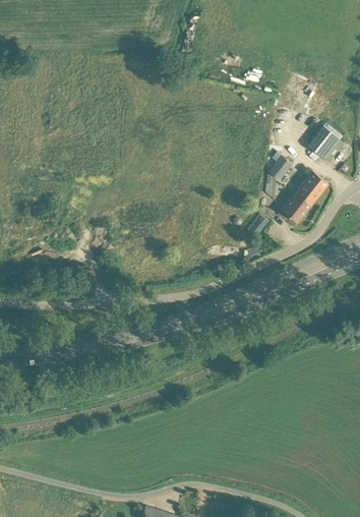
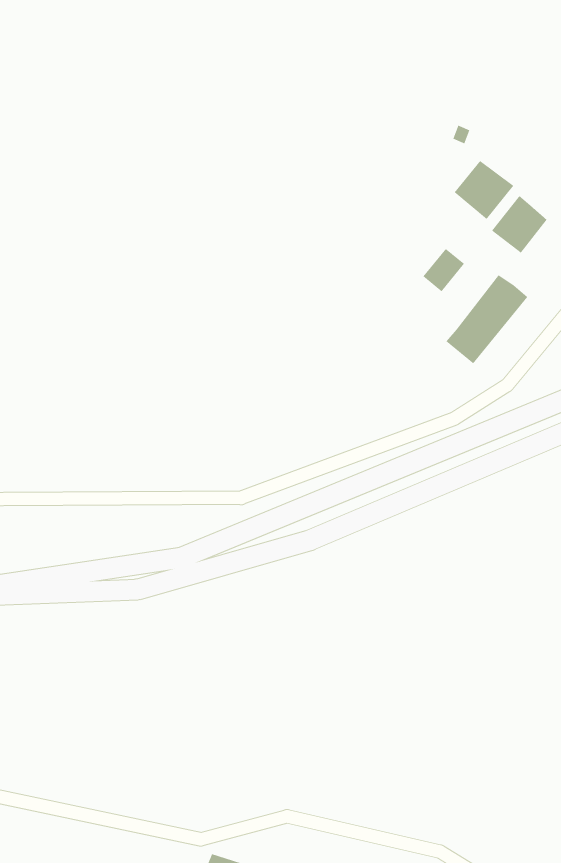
building: none -> [454,160,514,220]

